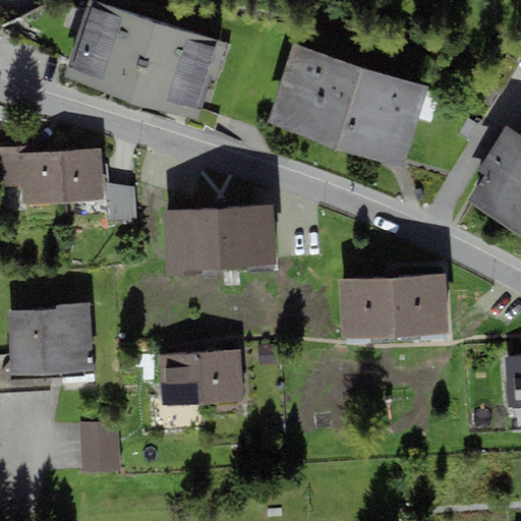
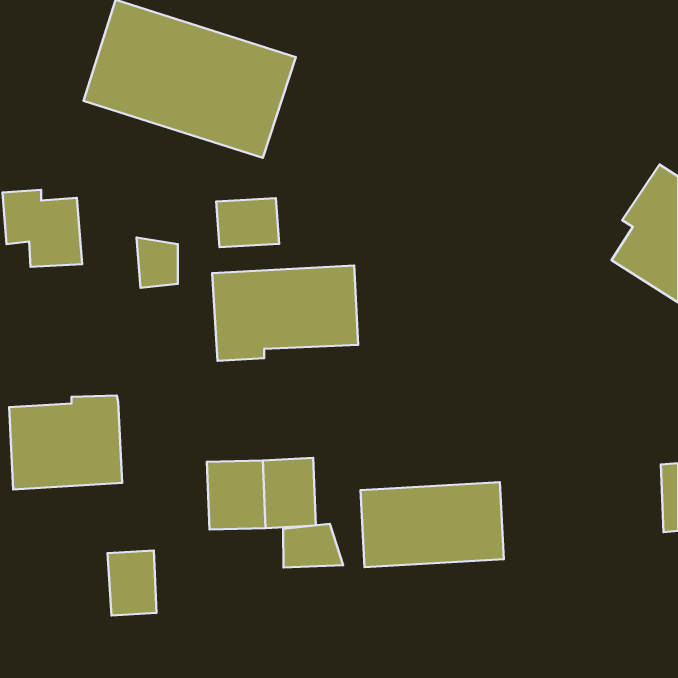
building: [267,42,427,166] -> none
building: [59,149,104,202] -> none
building: none -> [216,198,279,247]
building: [338,274,448,339] -> [361,482,504,567]
building: none -> [283,524,343,568]

